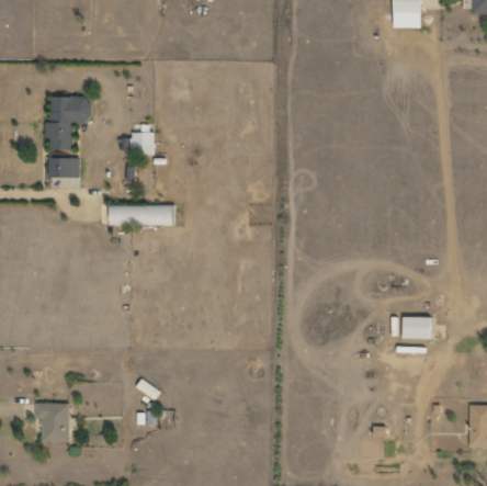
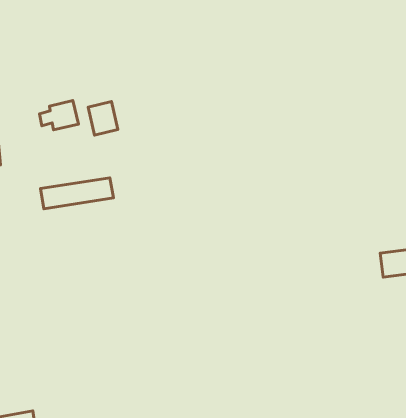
building: none -> [88,102,118,135]

